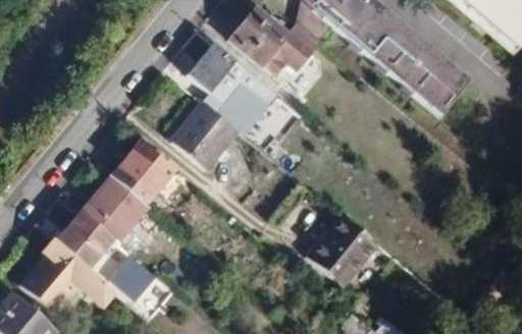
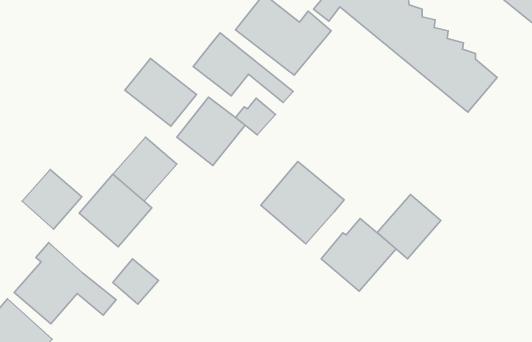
building: none -> [125,58,196,126]
building: none -> [261,162,344,244]
building: none -> [377,195,441,259]
building: [54,211,110,267] -> [22,170,82,229]

